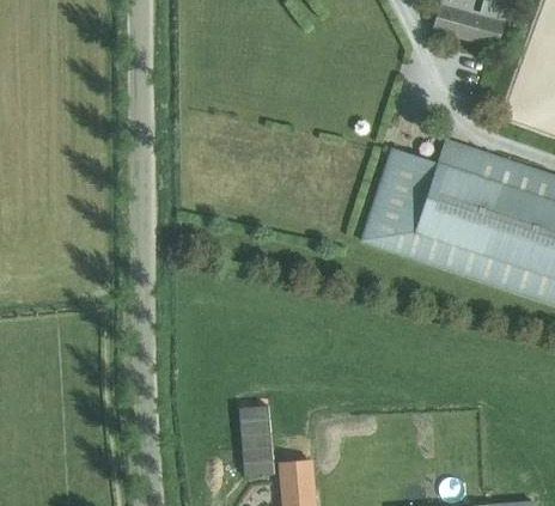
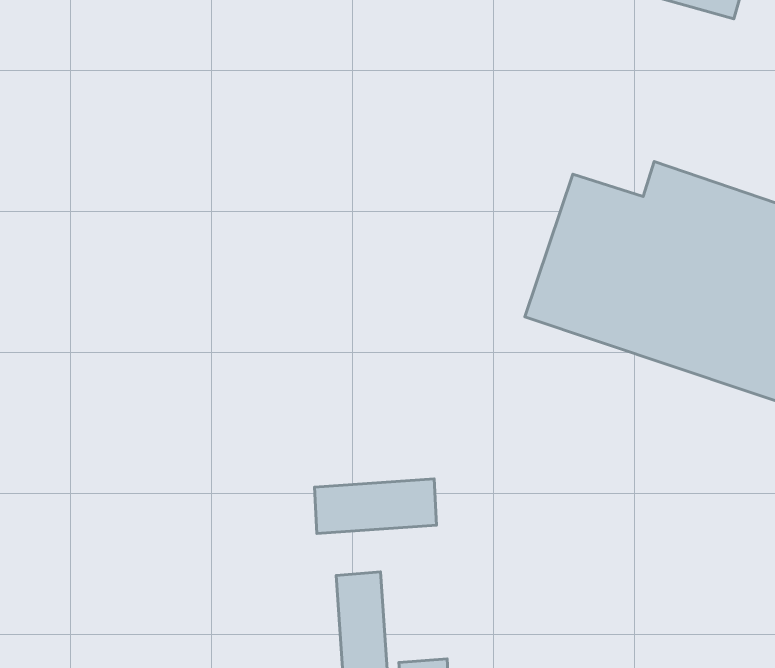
building: none -> [314,479,437,533]

